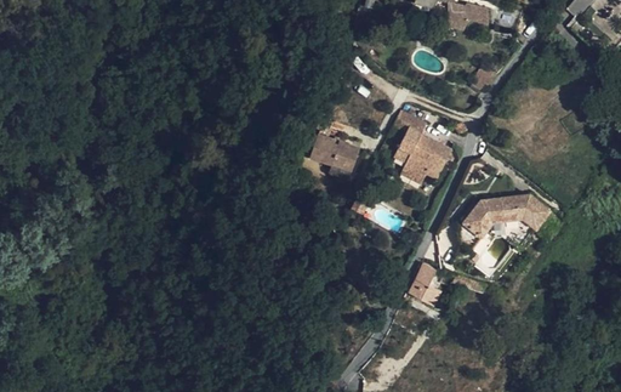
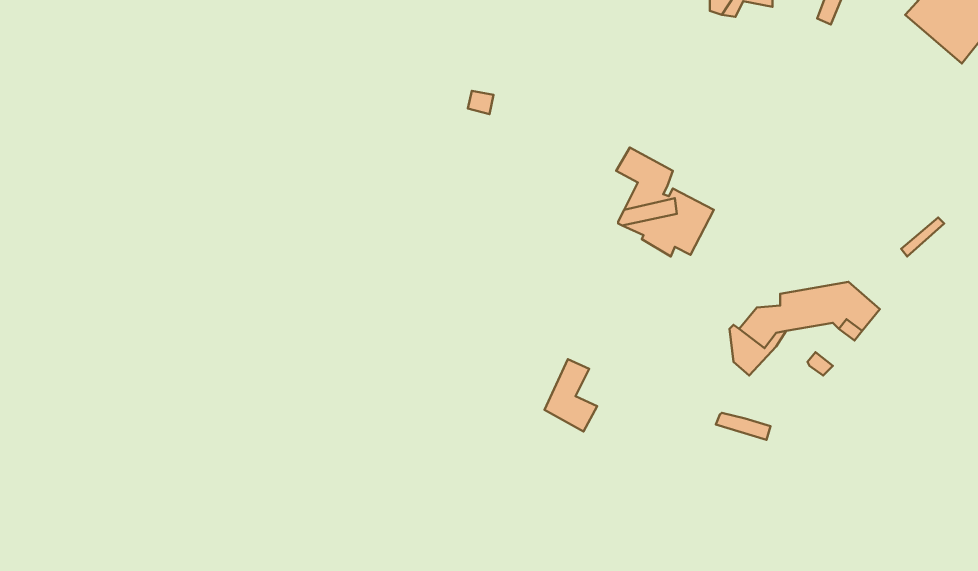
building: [309,132,360,170] -> none
building: [409,260,441,305] -> [544,359,597,431]

